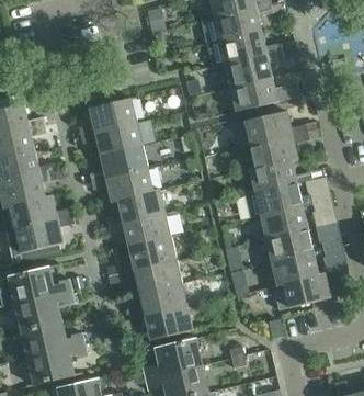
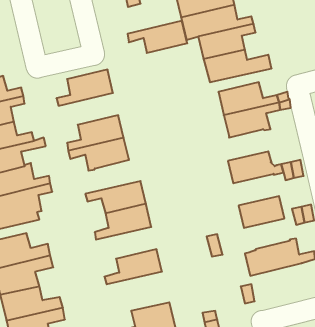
building: [80,122,141,155] -> [128,21,187,53]
building: [249,159,311,192] -> none
building: [106,189,164,226] -> none
building: [260,205,307,238] -> none
building: [271,251,318,286] -> none
building: [118,260,181,293] -> none
building: [129,306,192,340] -> none

